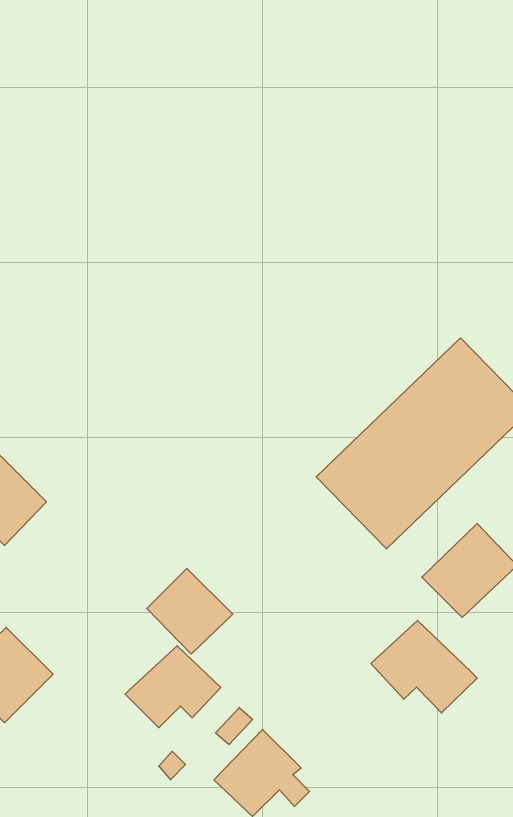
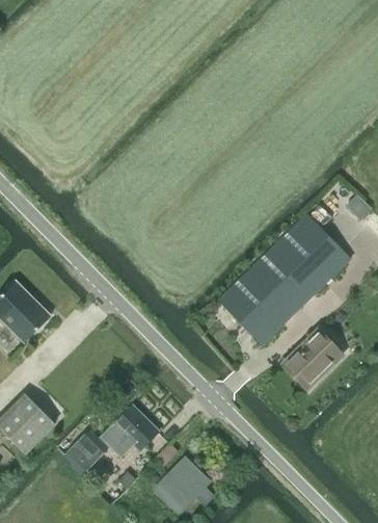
building: [147,568,233,654] -> none
building: [371,620,477,713] -> none
building: none -> [63,429,108,475]

